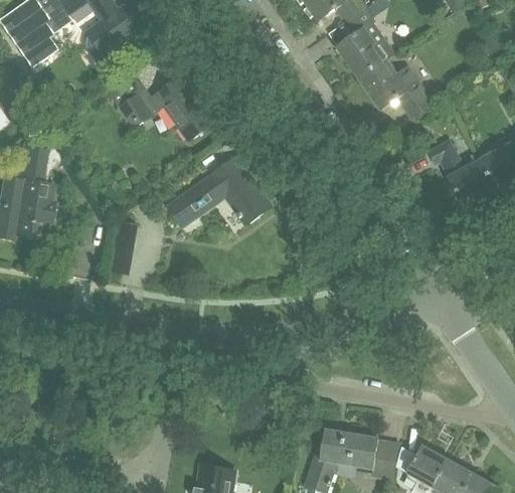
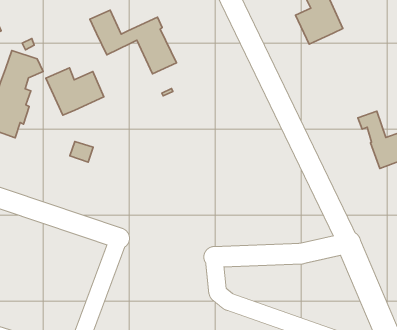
building: [359,60,431,117] -> none
building: none -> [46,68,104,115]
building: [167,156,271,226] -> none

